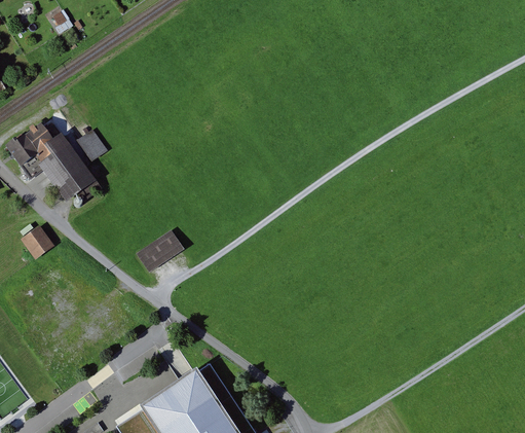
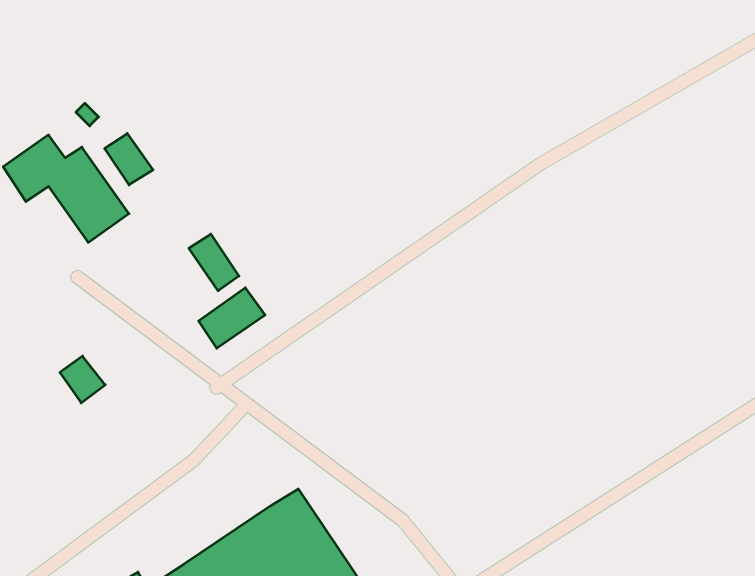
building: none -> [189,234,239,291]
building: [24,224,54,256] -> [60,356,105,403]

